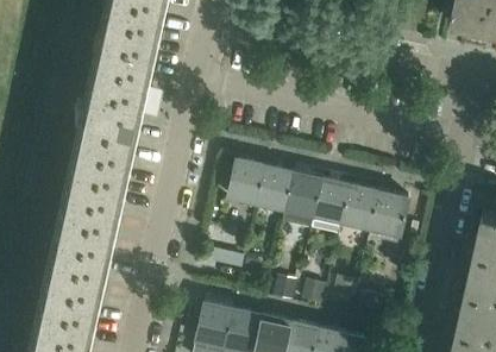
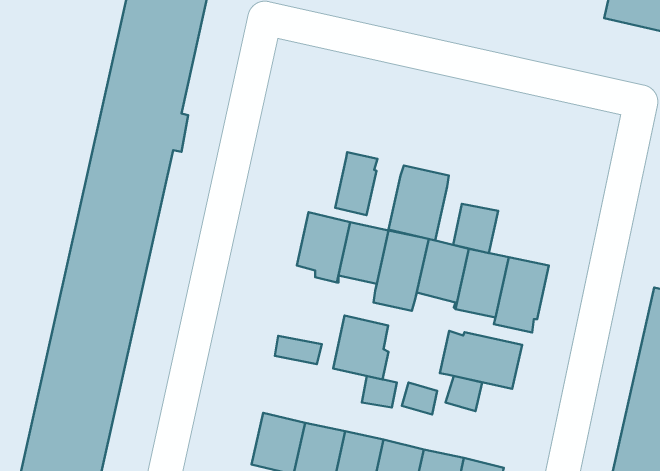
building: none -> [335,152,377,215]
building: none -> [388,165,449,240]
building: none -> [453,204,498,253]
building: none -> [333,316,388,379]
building: none -> [440,331,522,389]

